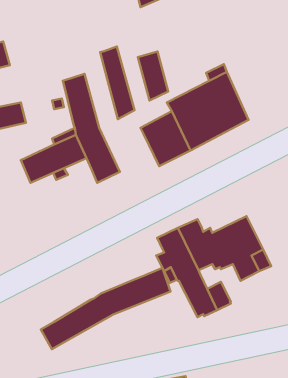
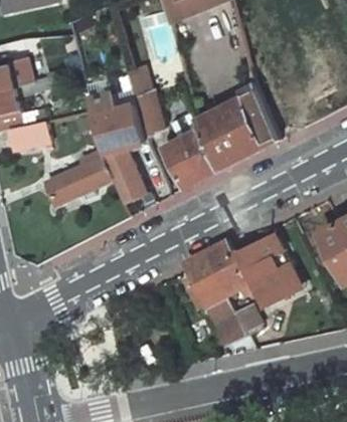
building: [138,51,168,100] -> [113,97,144,148]
building: [41,268,170,349] -> none

